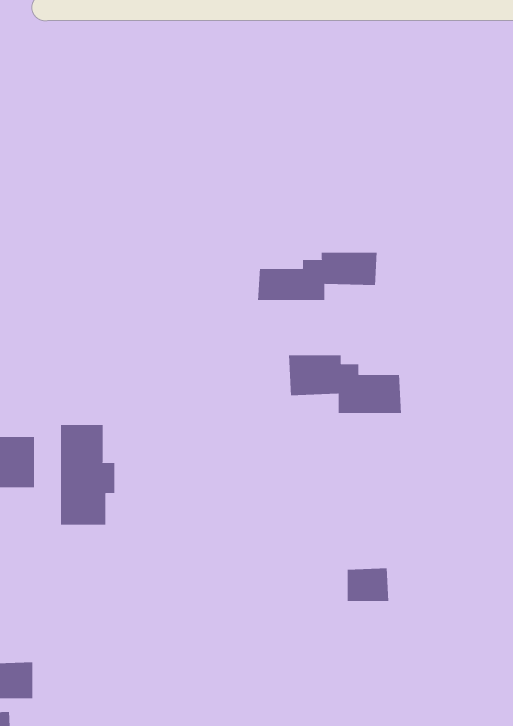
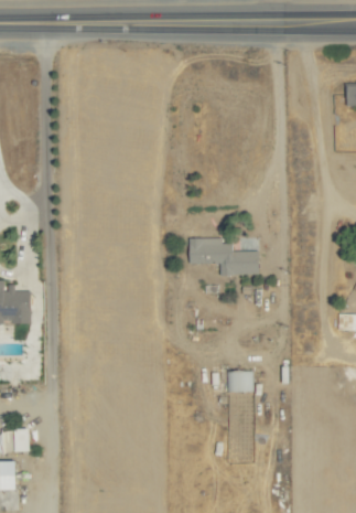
building: [258,252,377,301] -> none
building: [61,424,115,525] -> none

